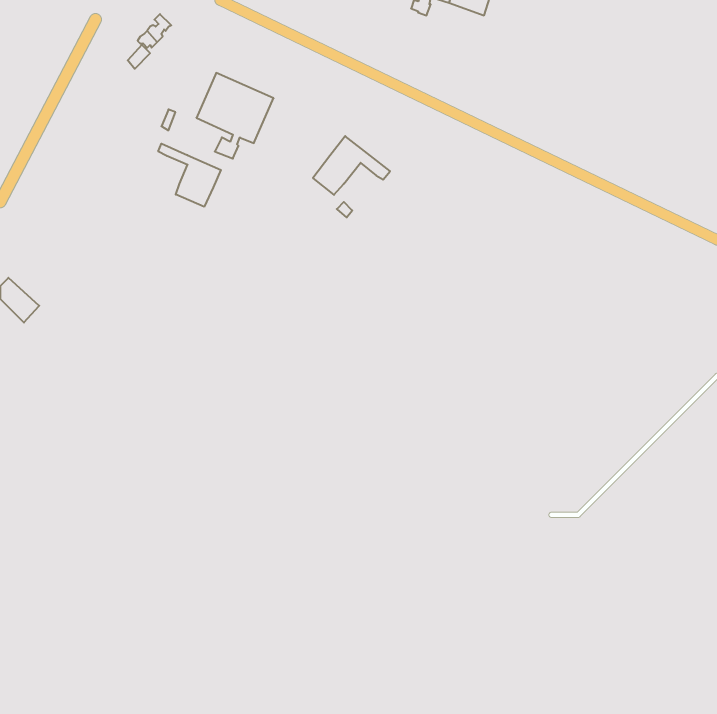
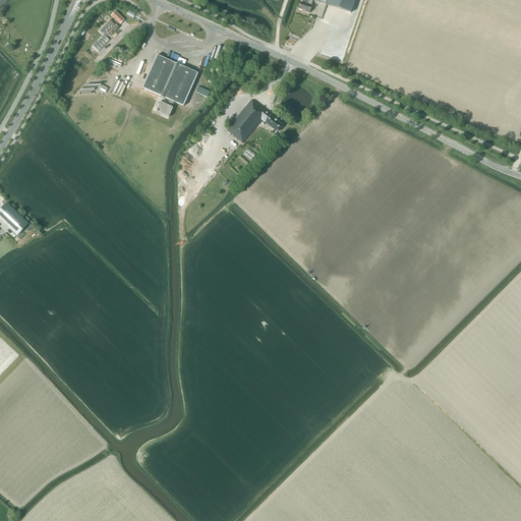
building: [158,144,221,207] -> none

